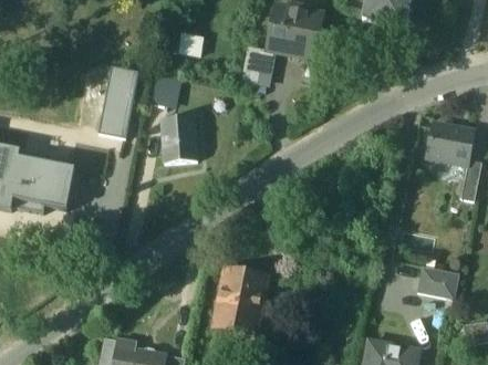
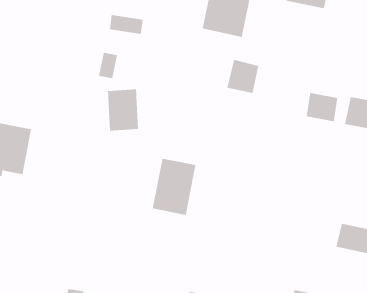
building: [239,45,276,84] -> [226,59,259,94]
building: [98,69,137,137] -> none
building: none -> [306,92,338,122]
building: [216,269,266,333] -> [152,158,196,215]

